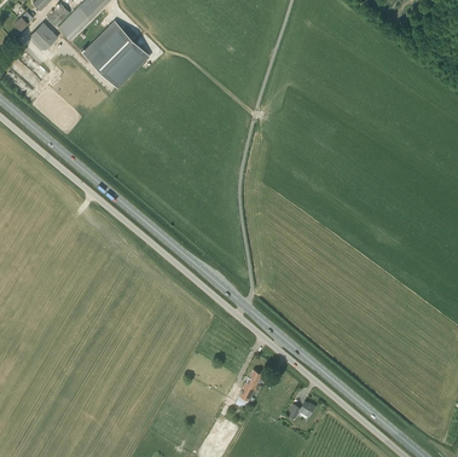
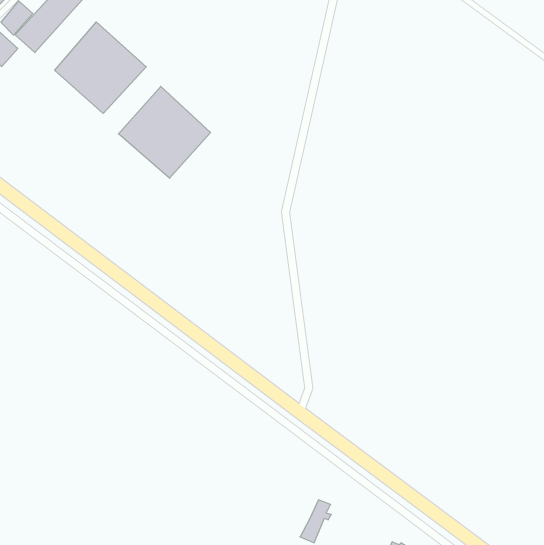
building: none -> [118,86,211,178]

